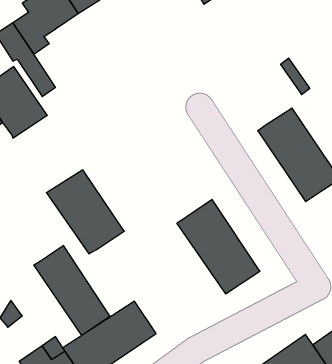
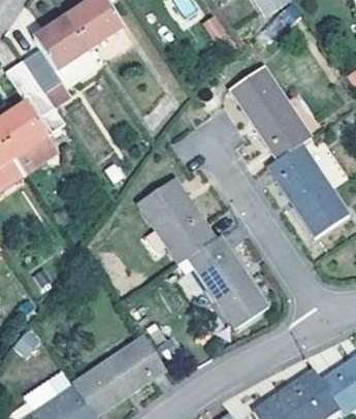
building: none -> [230,68,311,160]
building: [46,170,124,254] -> [137,179,215,262]
building: [34,245,110,336] -> none

